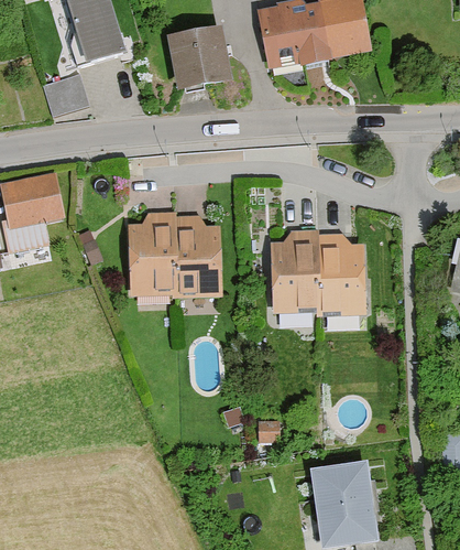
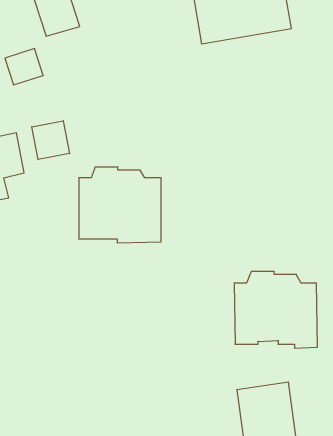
building: [169,26,230,89] -> none
building: none -> [32,121,70,160]
building: [271,228,366,316] -> [234,272,317,348]

